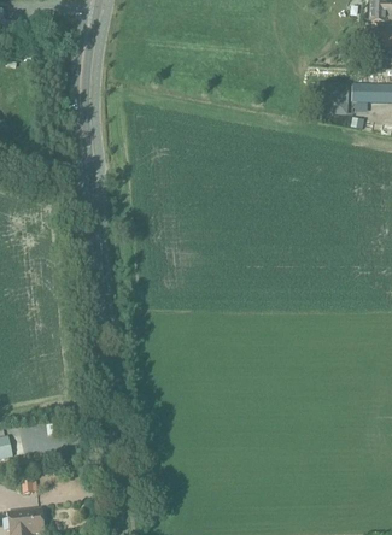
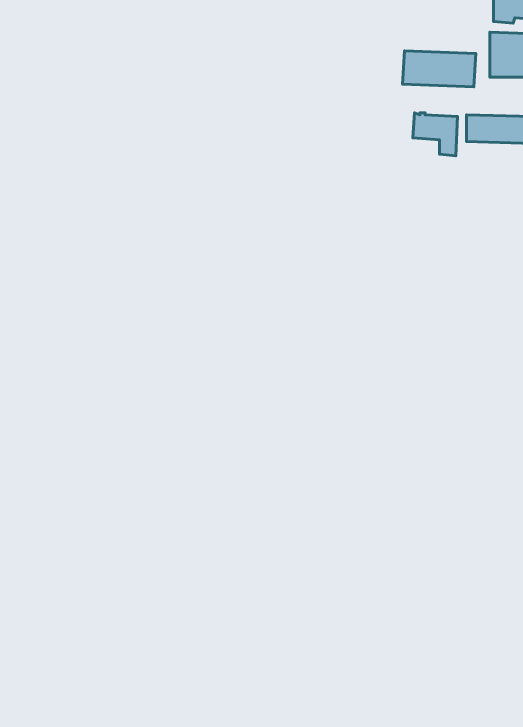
building: none -> [402,51,476,87]

